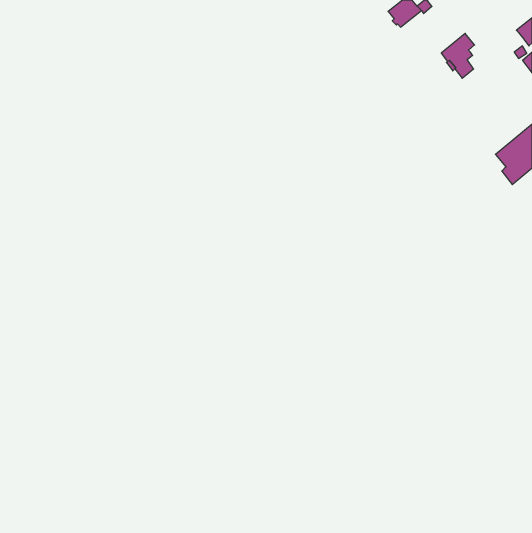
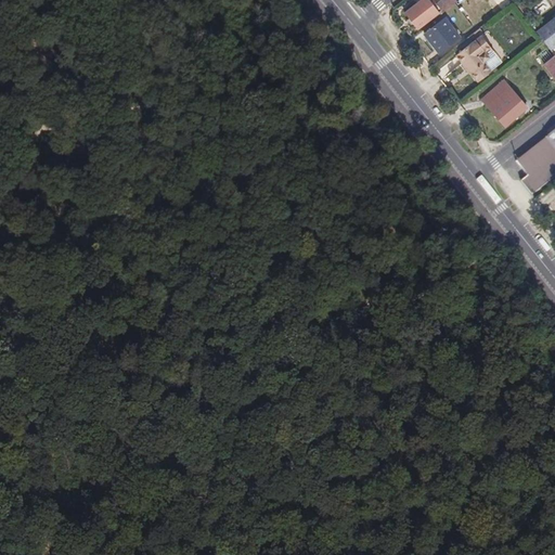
building: none -> [426,16,462,52]
building: none -> [490,85,530,125]

